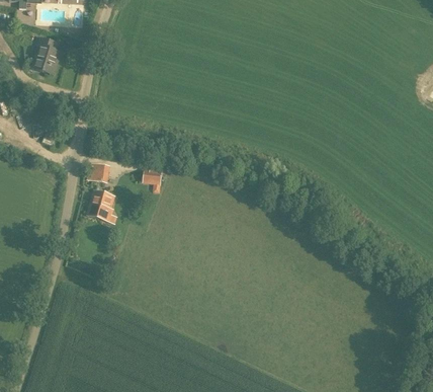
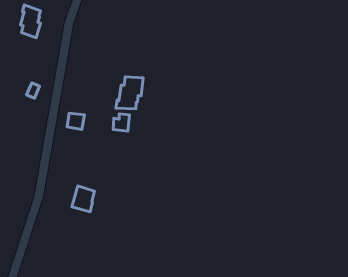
building: none -> [116,77,143,109]
building: [87,192,113,223] -> [72,186,94,212]

